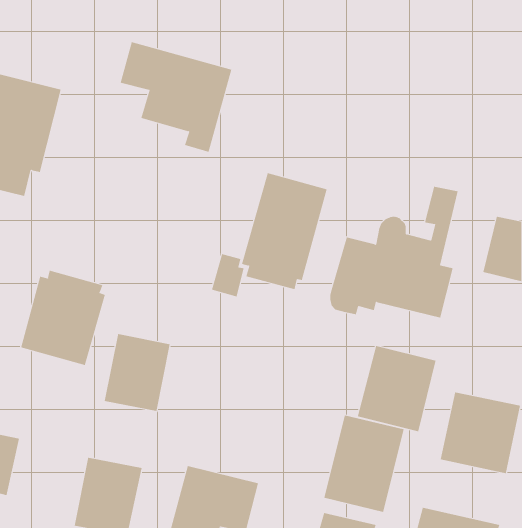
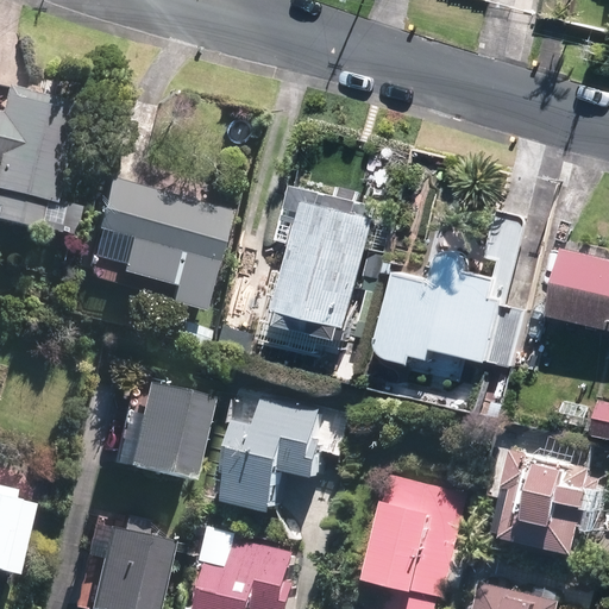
building: [120,41,232,153] -> [89,181,218,308]
building: [20,270,106,366] -> none
building: [357,345,436,432] -> none
building: none -> [236,400,325,506]

